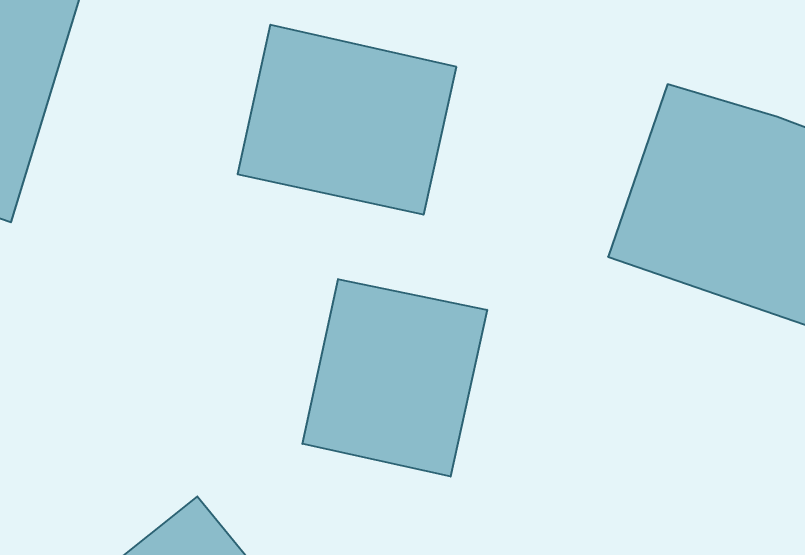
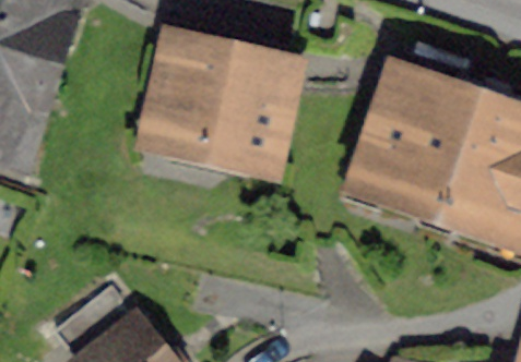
building: [302,279,487,477] -> none

